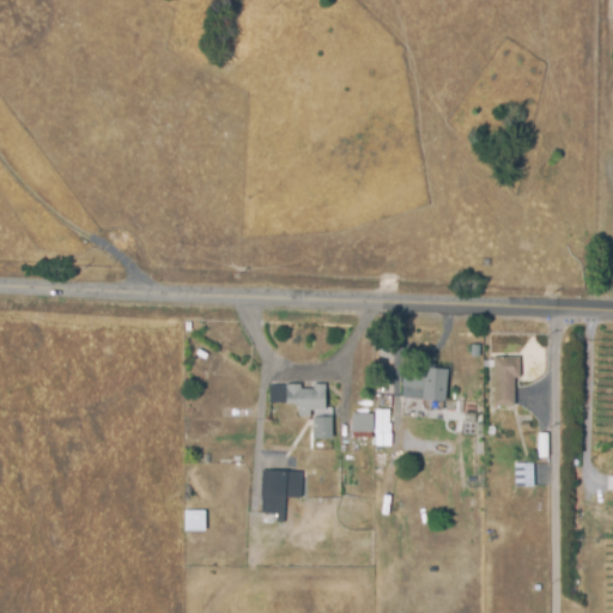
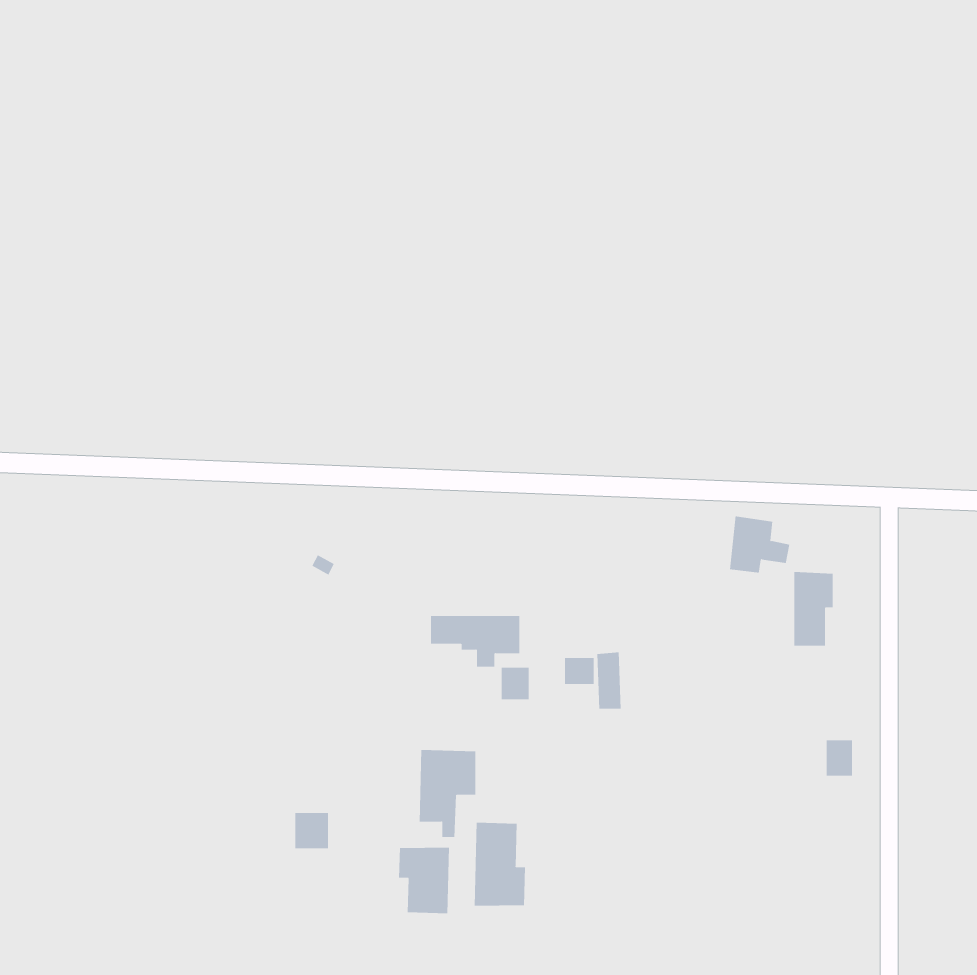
building: [402,365,441,401] -> [729,516,790,573]
building: none -> [474,822,526,907]
building: none -> [399,847,450,914]

